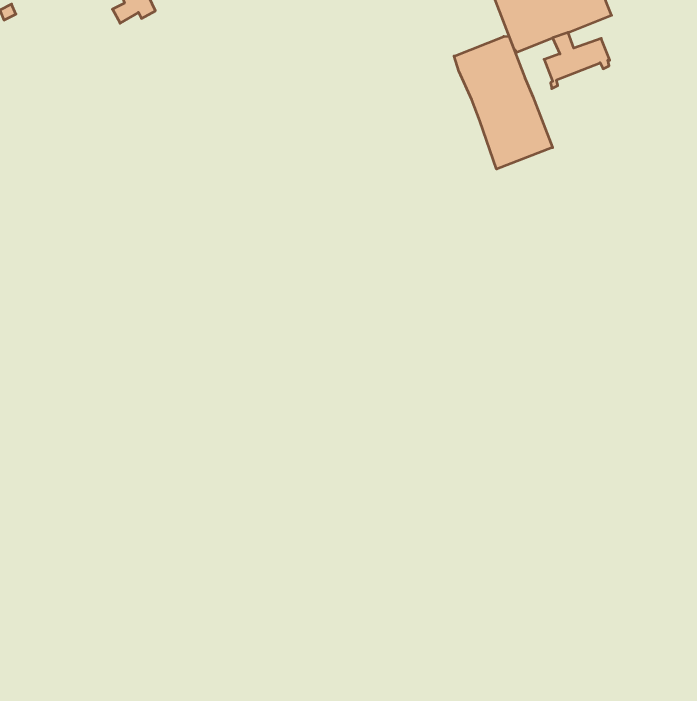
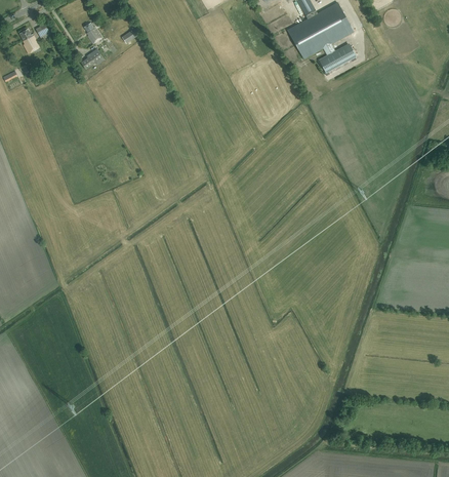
building: [454,36,553,169] -> none

